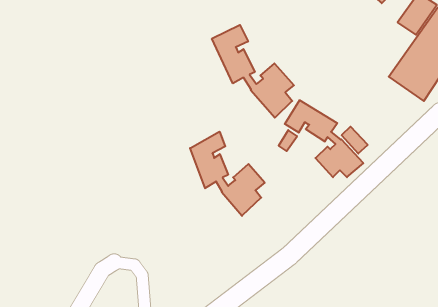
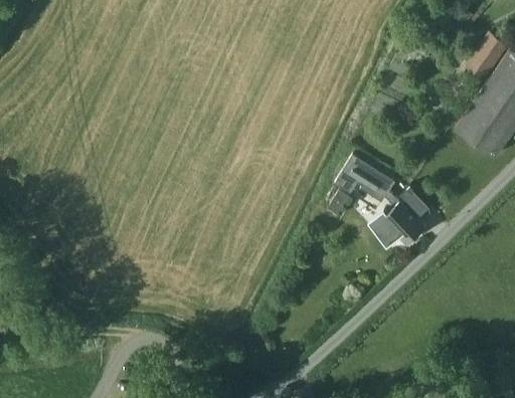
building: [212,25,294,118] -> none
building: [190,132,265,216] -> none

